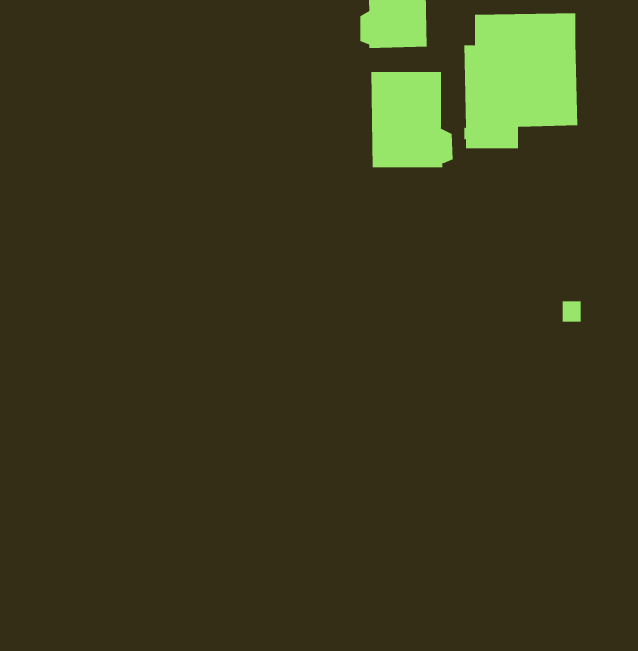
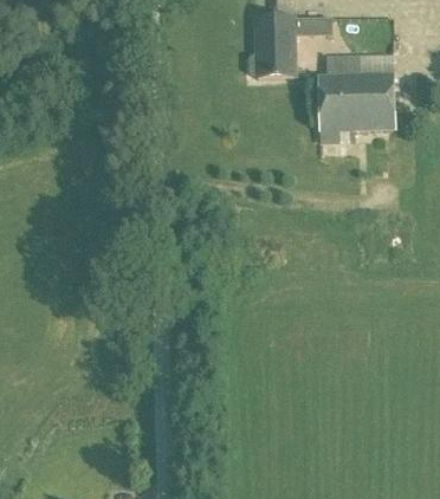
building: [371,71,453,168] -> none

